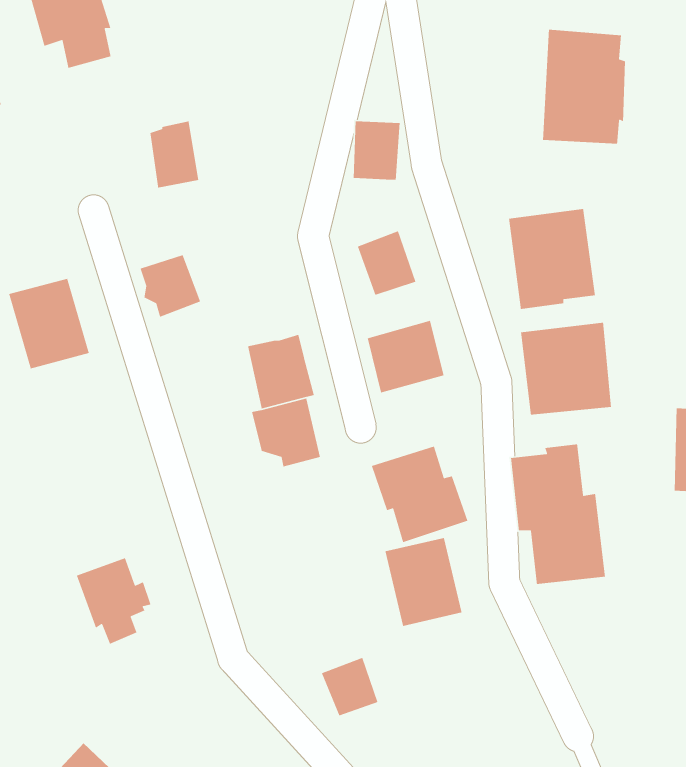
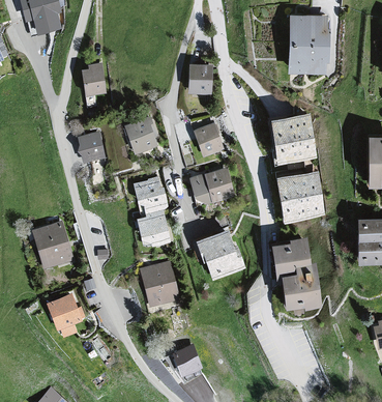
building: none -> [124,119,161,157]
building: [8,278,90,369] -> [31,221,74,268]
building: [385,537,462,627] -> [141,262,181,309]

